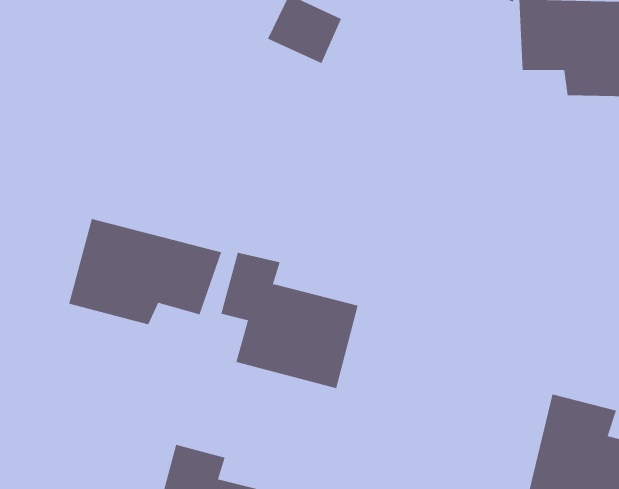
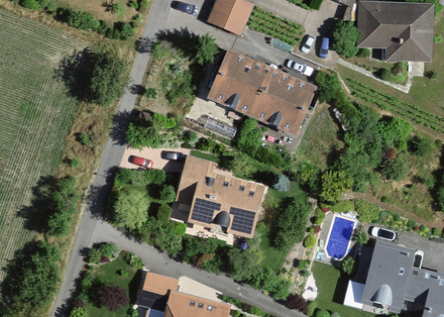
building: none -> [206,46,318,134]
building: [69,218,222,325] -> none

